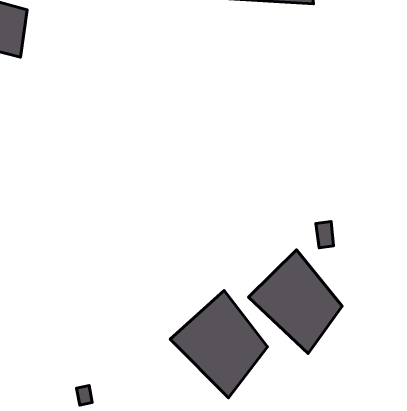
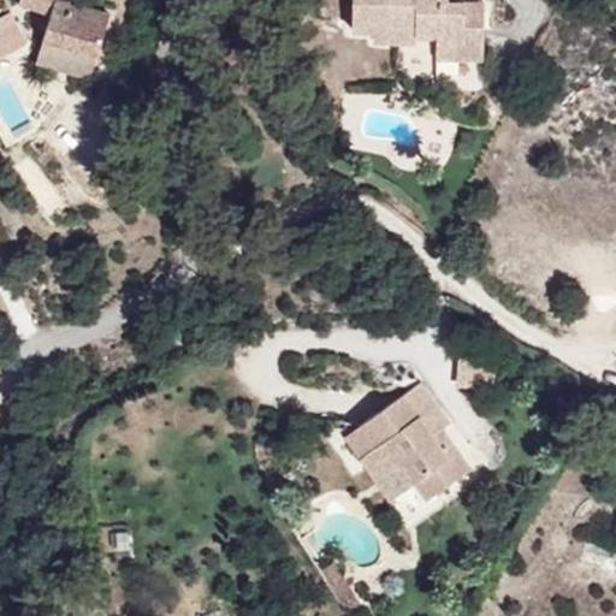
building: [170,290,268,398] -> none

